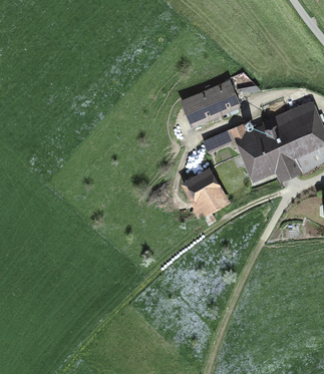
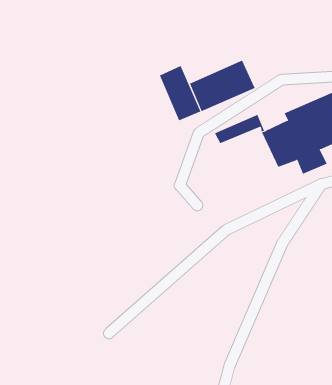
building: none -> [159,65,201,121]
building: [187,175,224,216] -> none

